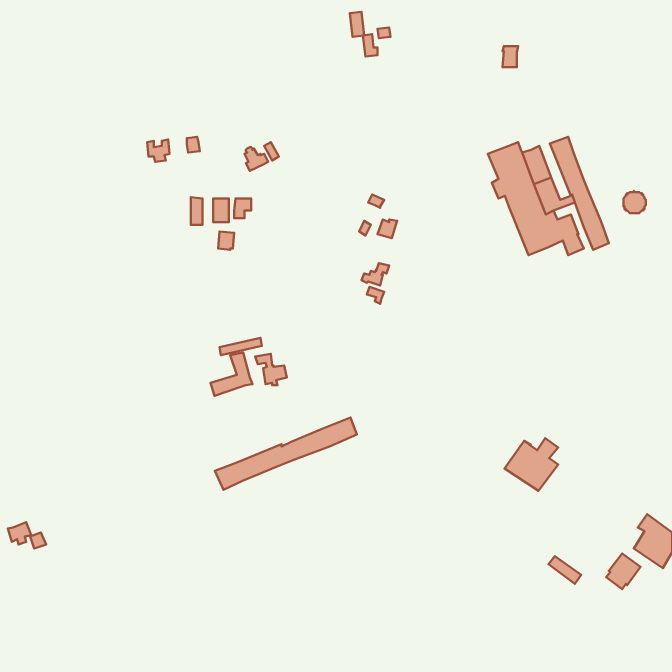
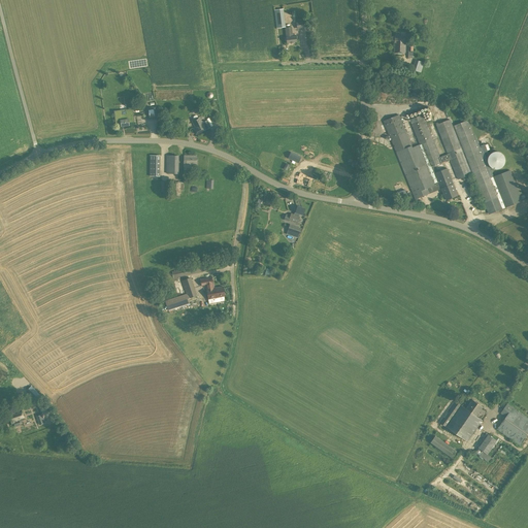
building: none -> [454,120,522,214]
building: [215,418,357,490] -> none
building: [504,438,558,491] -> [440,400,483,441]

